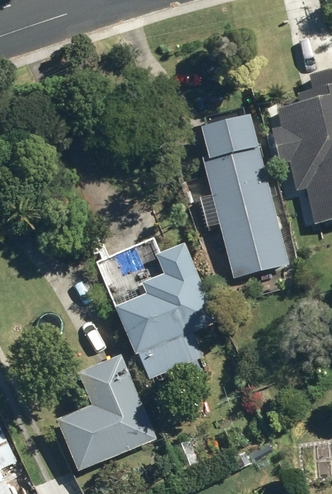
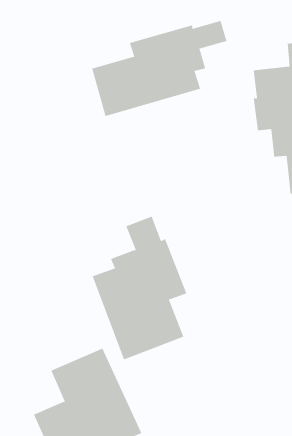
building: none -> [91,20,227,117]
building: [203,112,294,280] -> none

